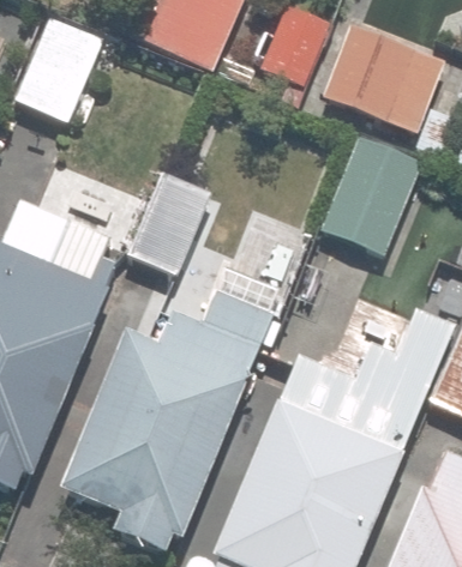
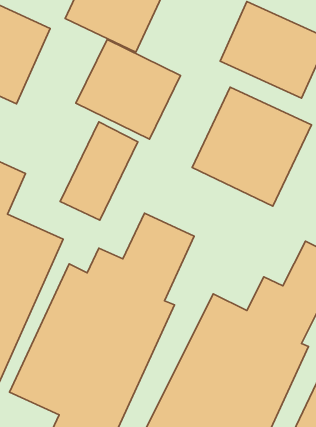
building: none -> [76,40,181,139]

